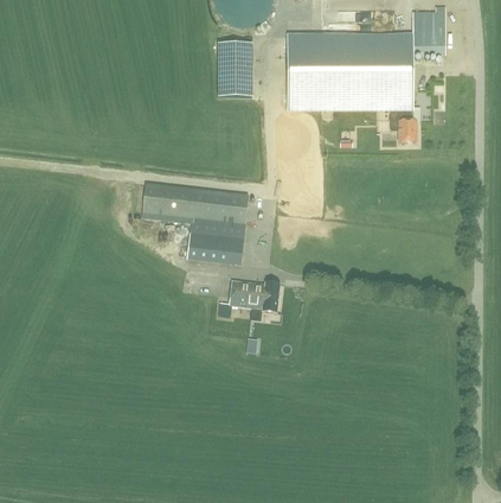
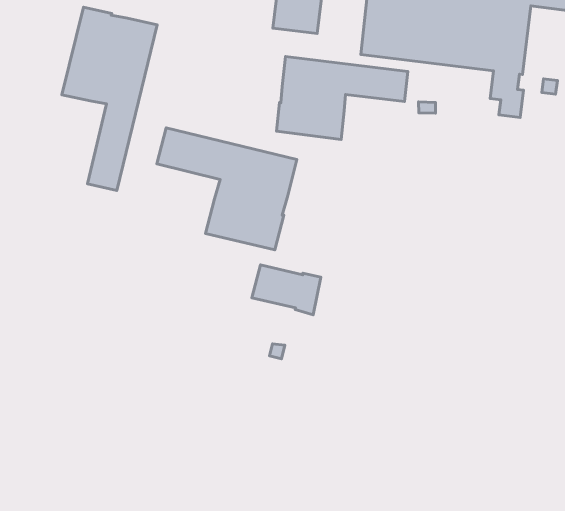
building: none -> [62,7,157,191]
building: none -> [276,57,408,139]

